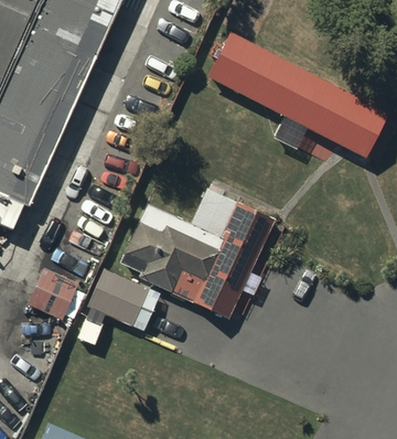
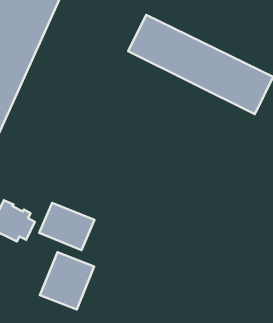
building: [119,189,273,318] -> none
building: none -> [40,252,94,309]

